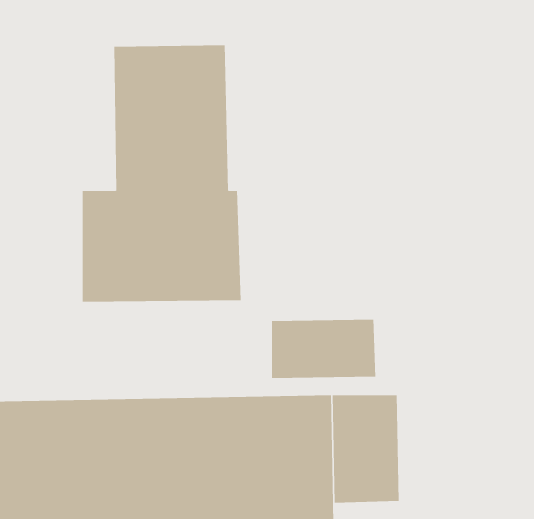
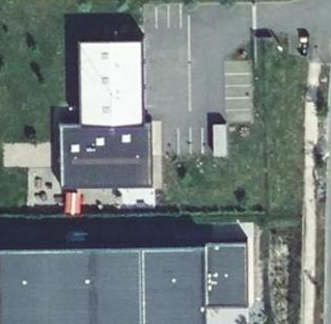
building: [271,319,376,379] -> none

